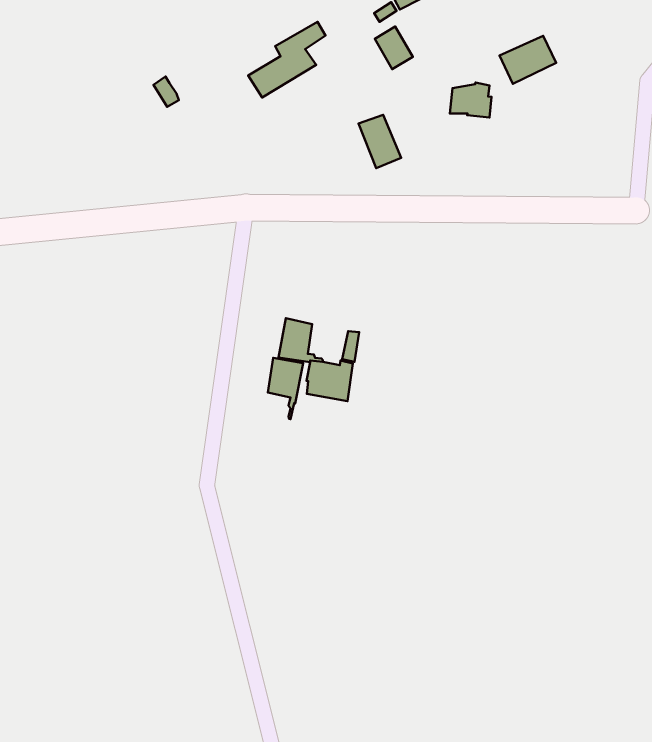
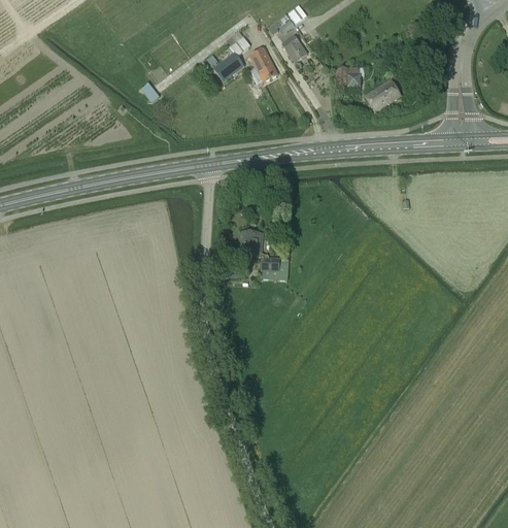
building: [500,36,556,84] -> [364,78,401,111]
building: [358,115,401,168] -> [248,46,278,81]
building: [268,358,303,419] -> none

